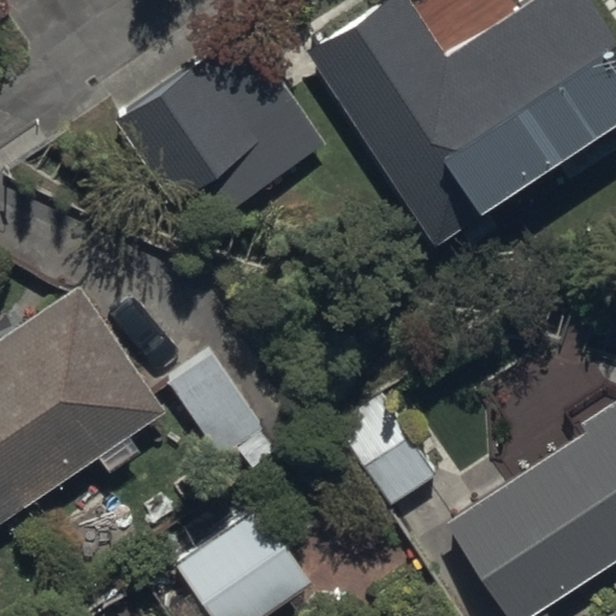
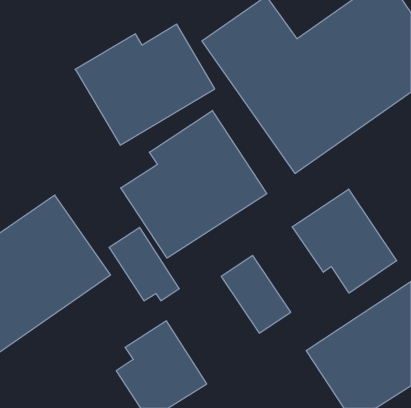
building: none -> [121,110,267,258]
building: none -> [292,189,397,293]

